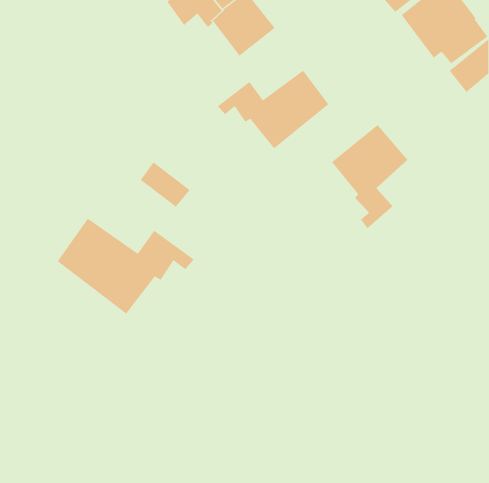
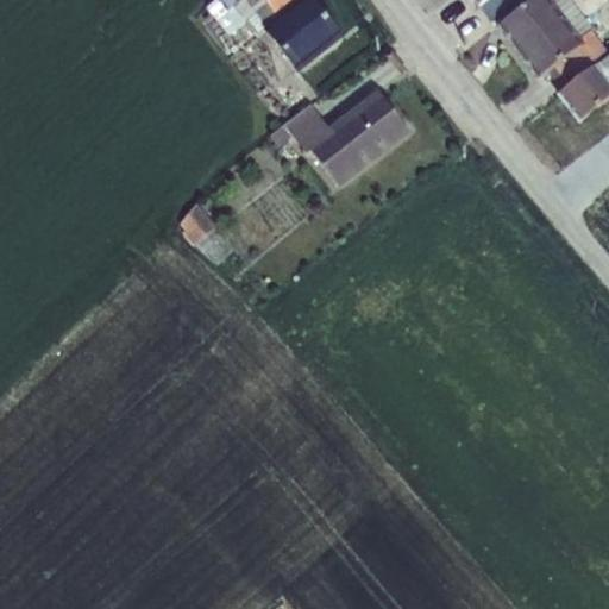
building: [331,124,408,229] -> none
building: [57,218,195,315] -> none

